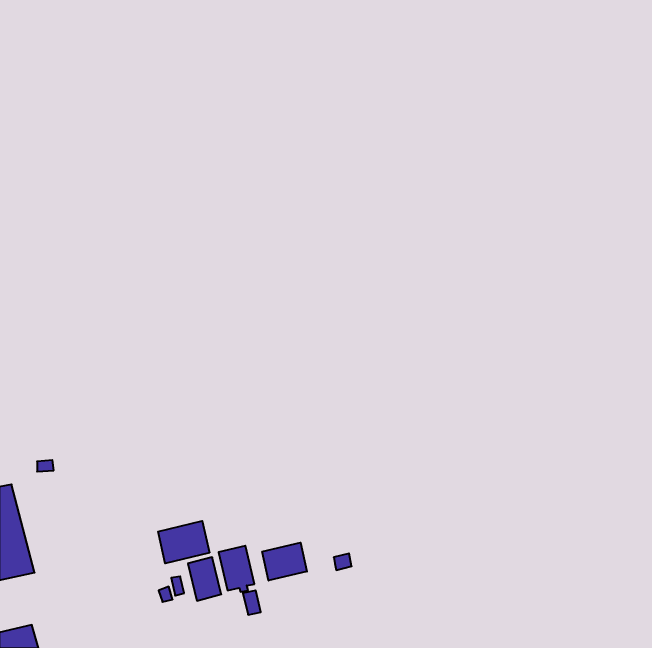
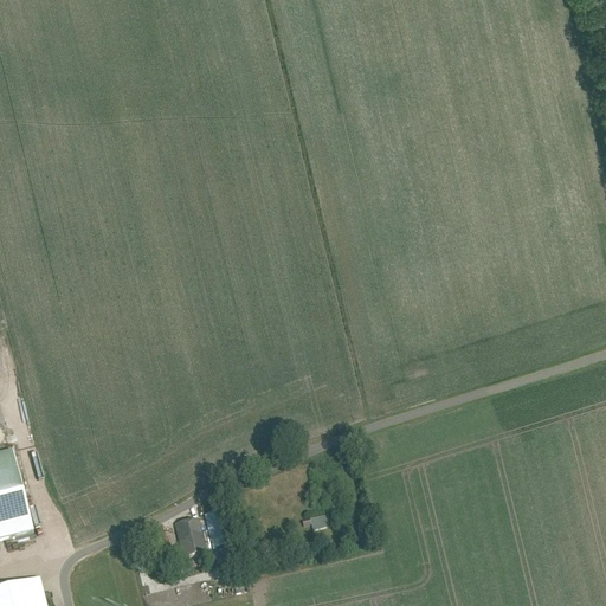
building: [158,521,209,563] -> none
building: [262,543,307,581] -> none

